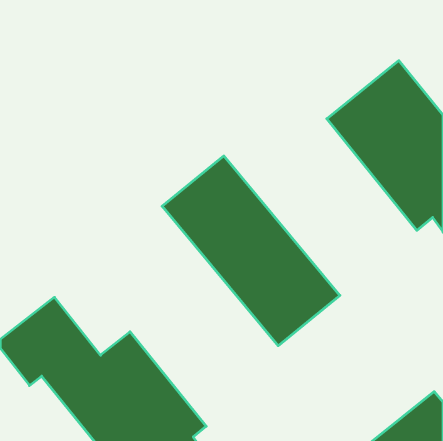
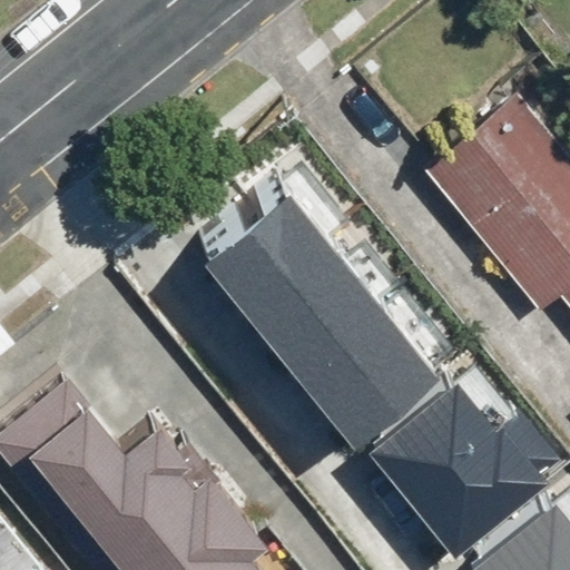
building: none -> [370,386,557,557]

